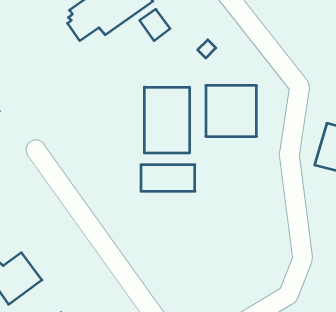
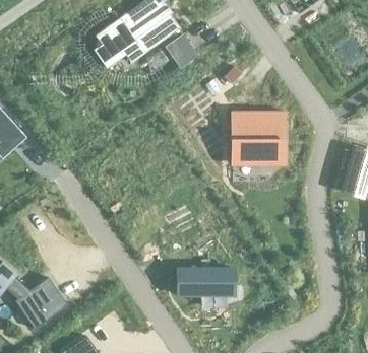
building: [144,87,189,153] -> none
building: [141,165,195,191] -> [178,269,232,295]

